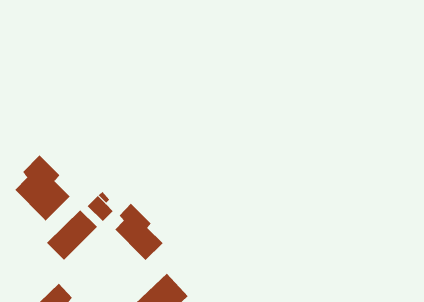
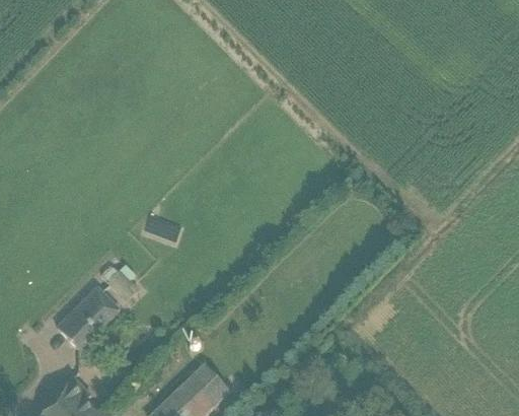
building: [15,155,71,221] -> none
building: [115,203,163,261] -> none

